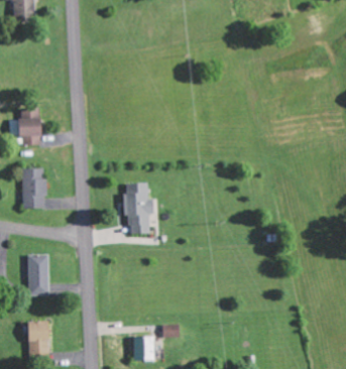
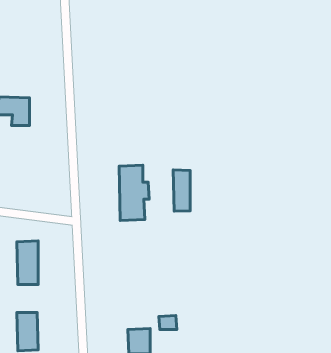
building: [23,167,46,208] -> none
building: none -> [173,170,190,211]

